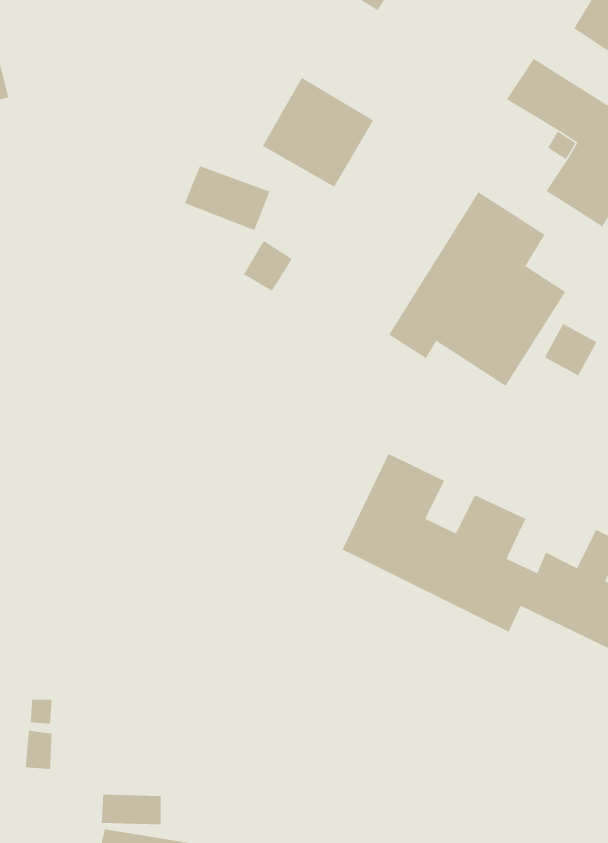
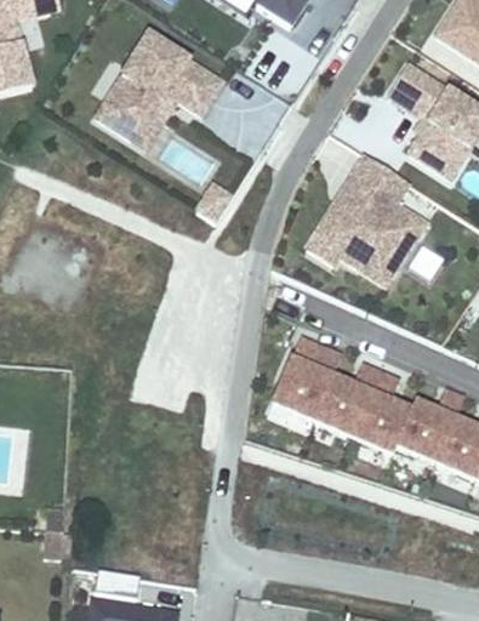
building: none -> [92,29,224,146]

